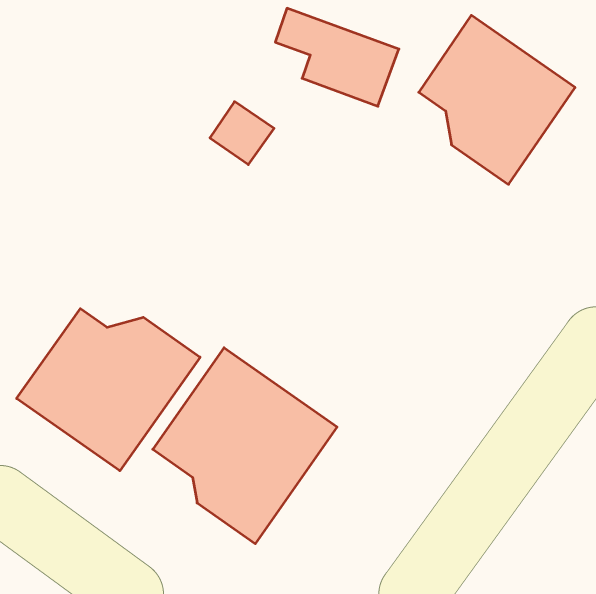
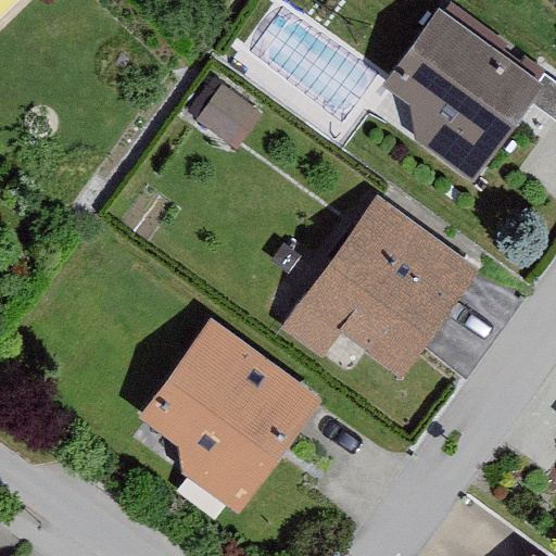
building: none -> [299,202,467,357]
building: [17,309,200,471] -> none

